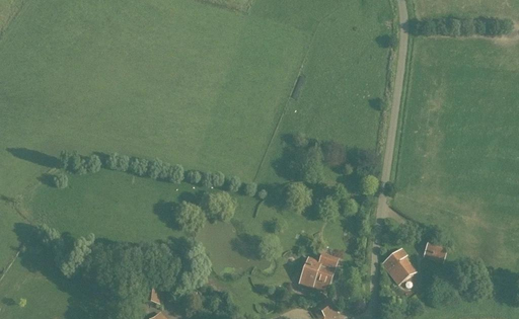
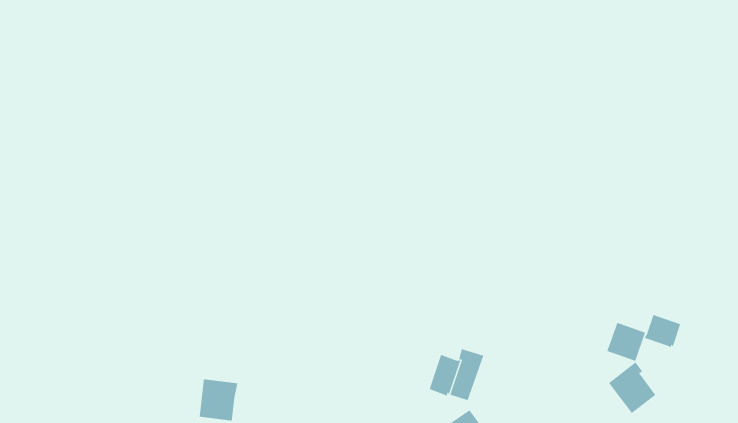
building: none -> [644,314,681,348]
building: [382,247,416,284] -> [608,361,656,414]

